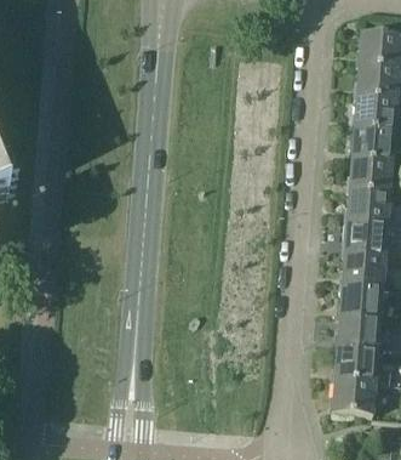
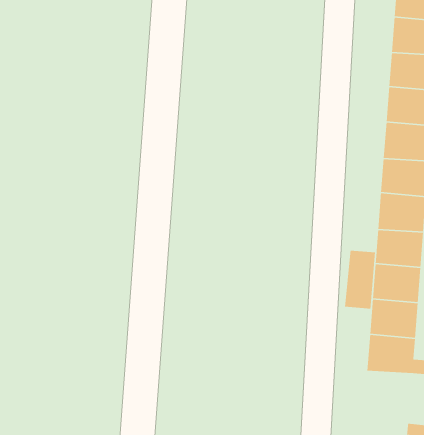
building: none -> [344,250,376,309]
building: [333,369,377,404] -> none

